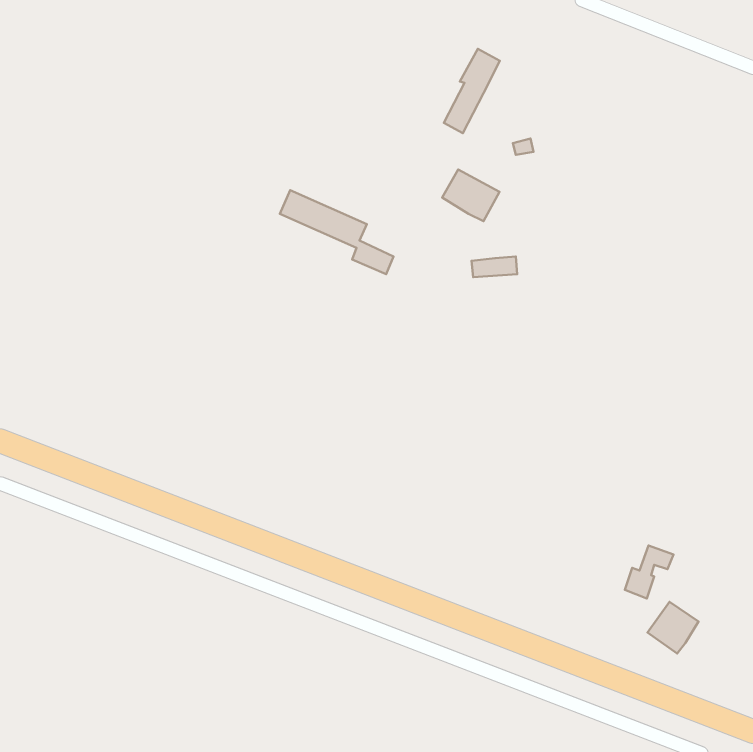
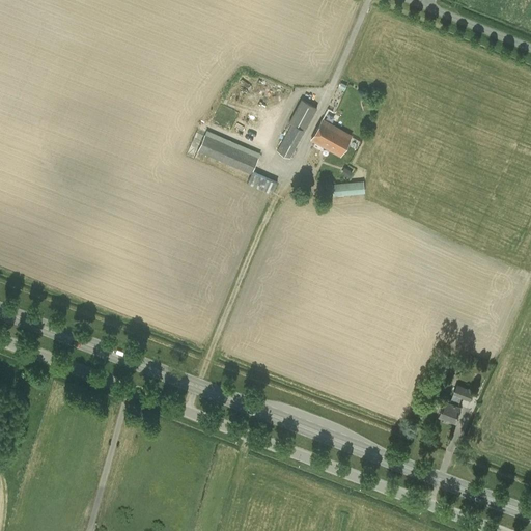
building: [444,49,500,133] -> [277,100,316,159]
building: [647,602,699,653] -> none

